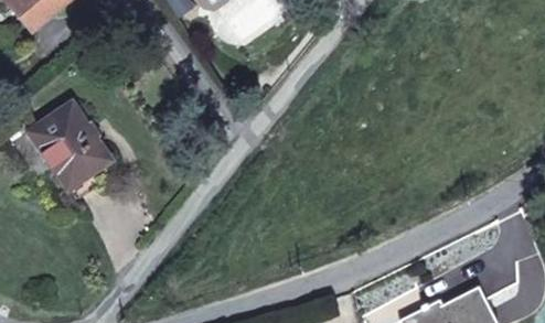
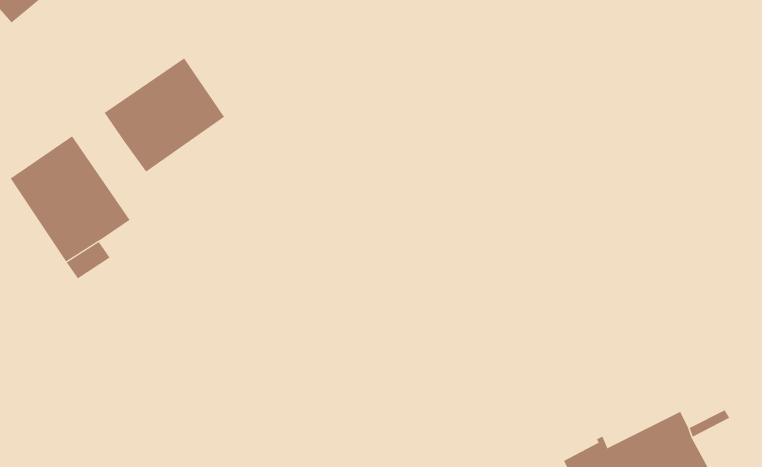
building: none -> [104,58,225,173]

